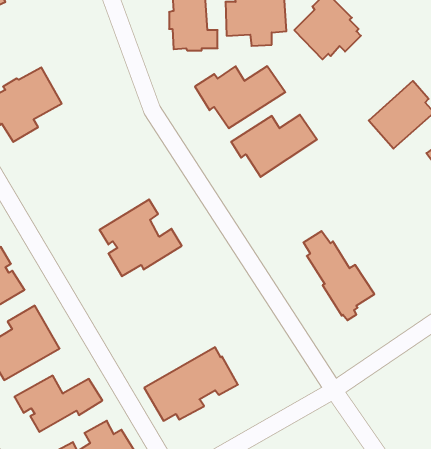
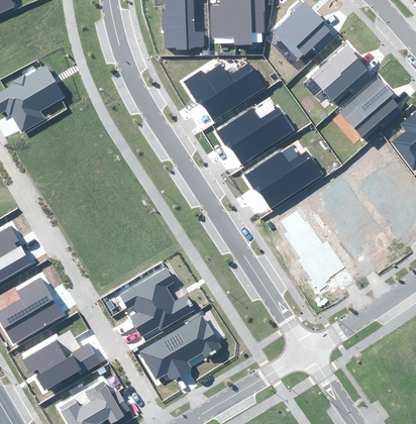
building: none -> [311,43,368,103]
building: none -> [244,146,321,207]
building: [99,199,182,276] -> [121,269,195,337]

